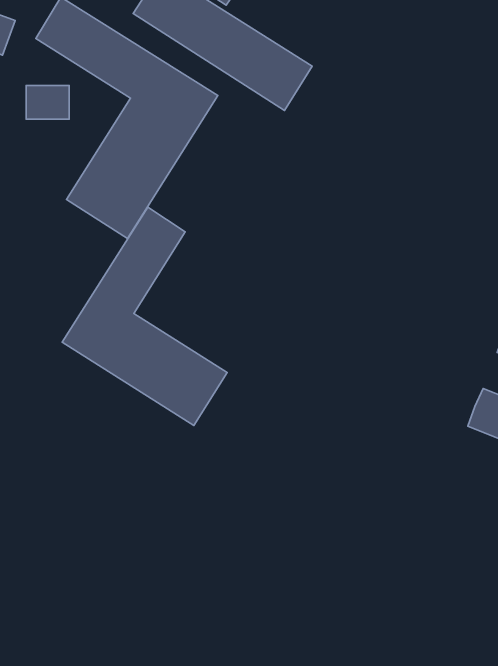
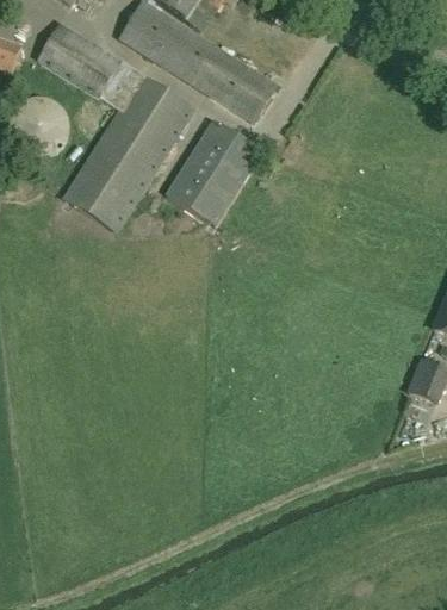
building: none -> [167,119,262,225]
building: [62,207,227,426] -> none

